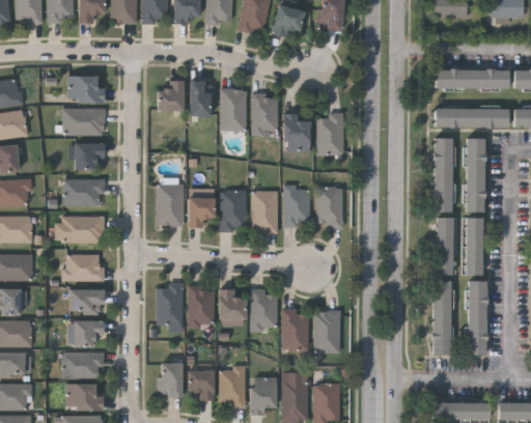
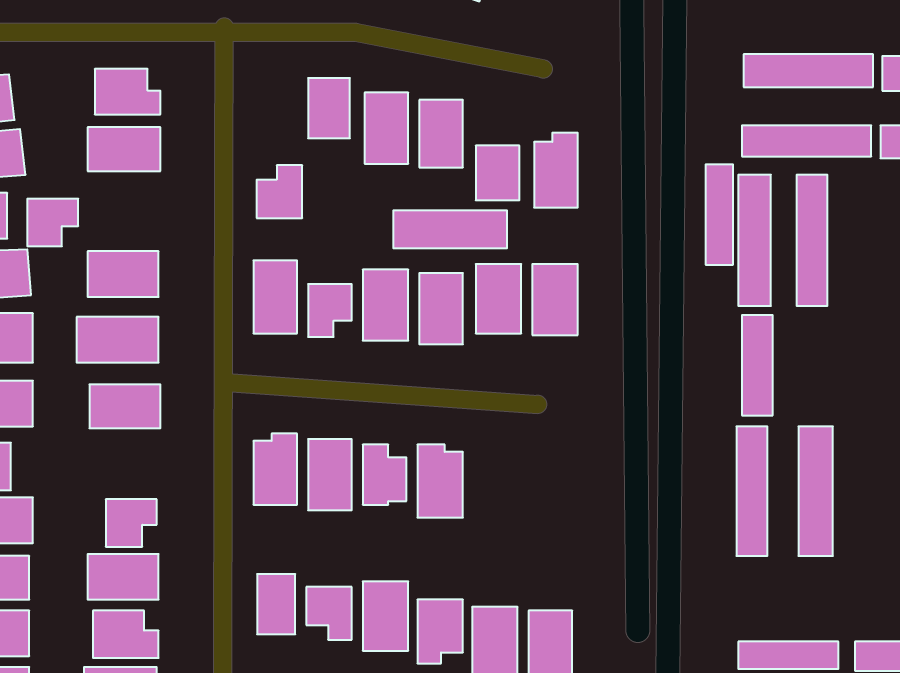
building: [158,80,184,110] -> [257,165,302,218]
building: [75,143,104,170] -> [27,199,78,246]
building: none -> [393,210,507,248]
building: [467,216,482,273] -> [706,164,733,265]
building: [69,289,103,312] -> none
building: [282,310,308,351] -> none
building: [314,311,340,352] -> none

